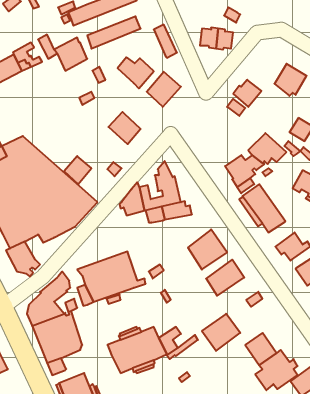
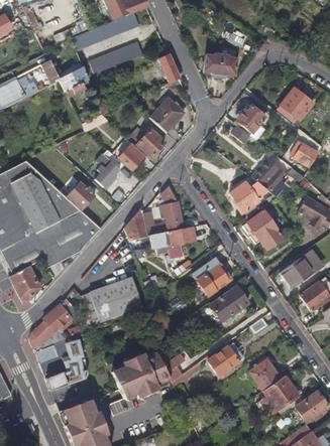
building: [118,57,154,88] -> [128,128,164,159]
building: none -> [95,149,123,188]

